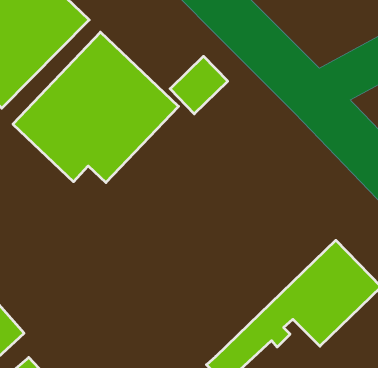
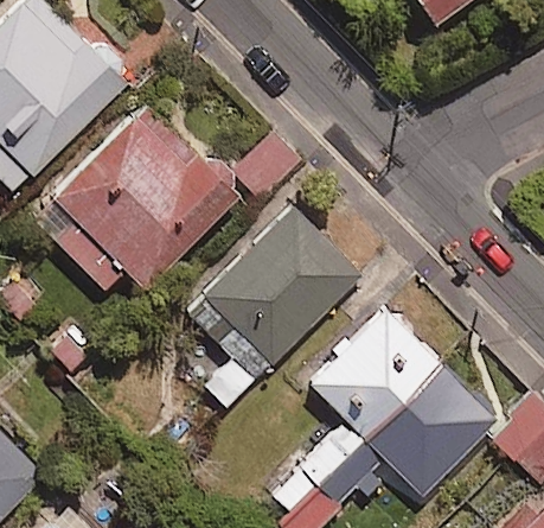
building: none -> [187,202,363,396]
building: none -> [267,305,441,511]

